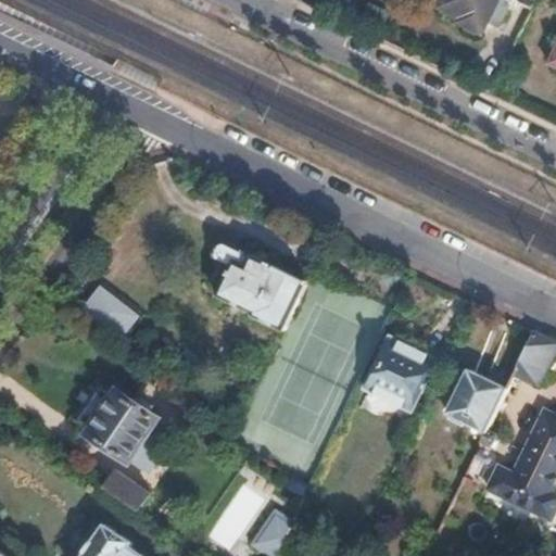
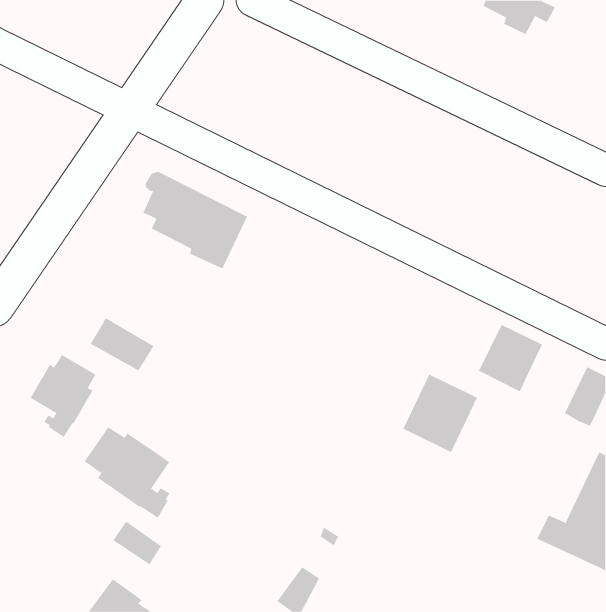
building: [210,242,305,331] -> [143,171,248,269]
building: none -> [30,354,96,438]
building: [445,371,504,433] -> [478,324,543,392]

